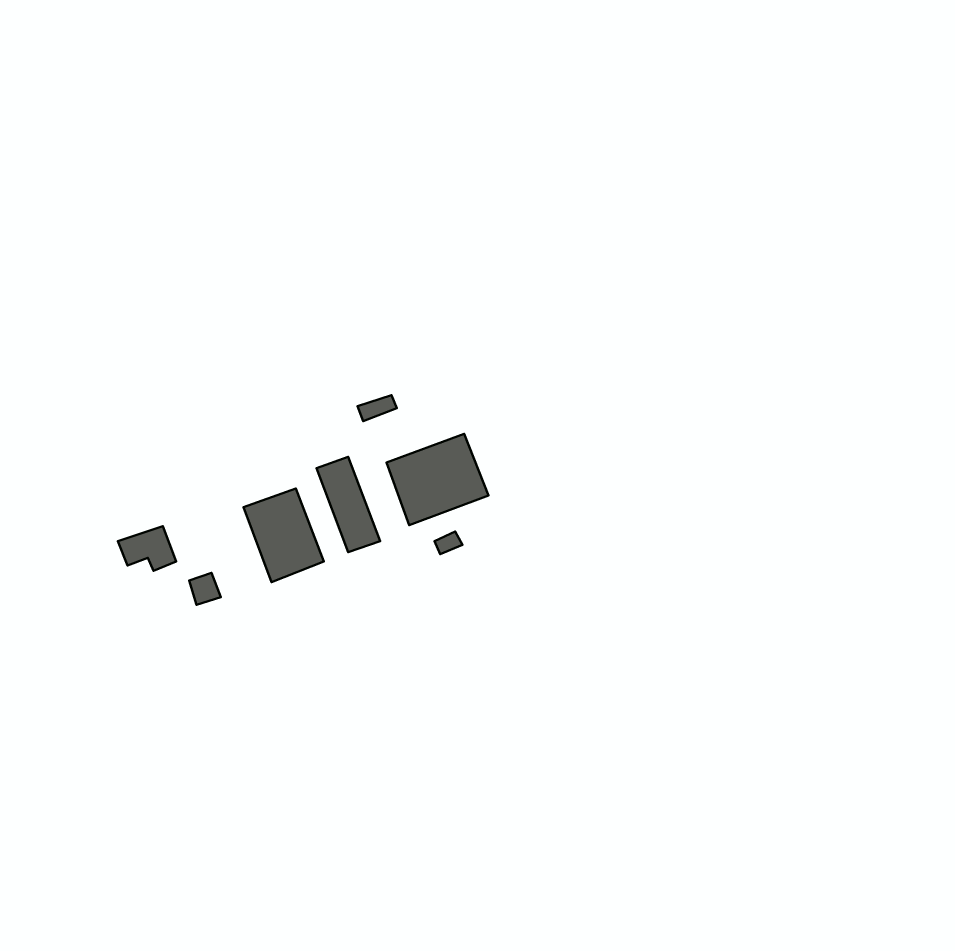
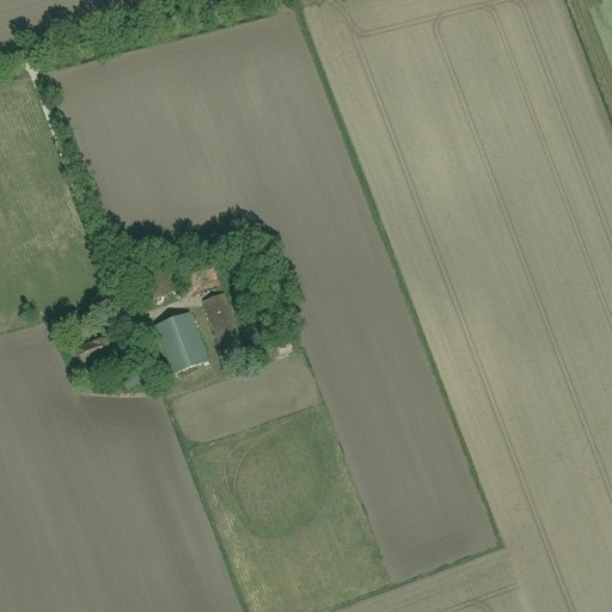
building: [386,434,488,525] -> none

